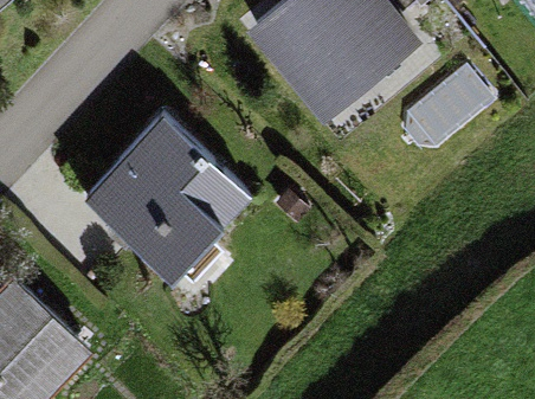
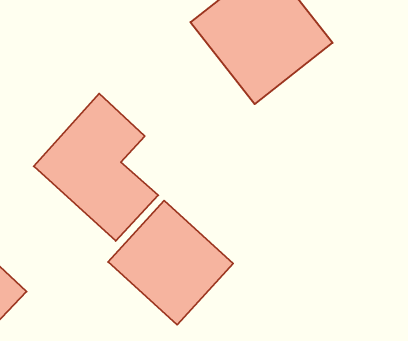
building: none -> [108,201,233,325]

